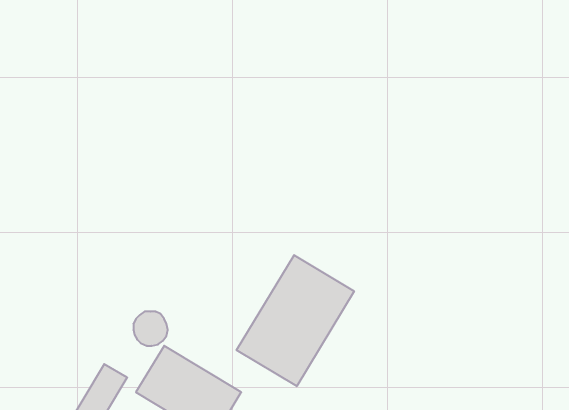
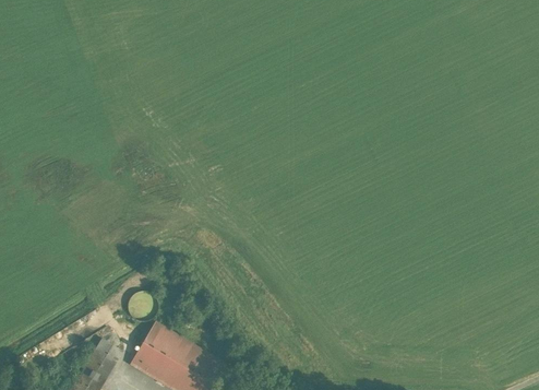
building: [237,255,354,386] -> none

